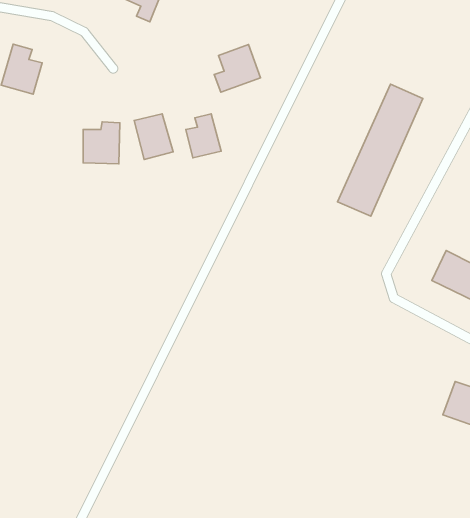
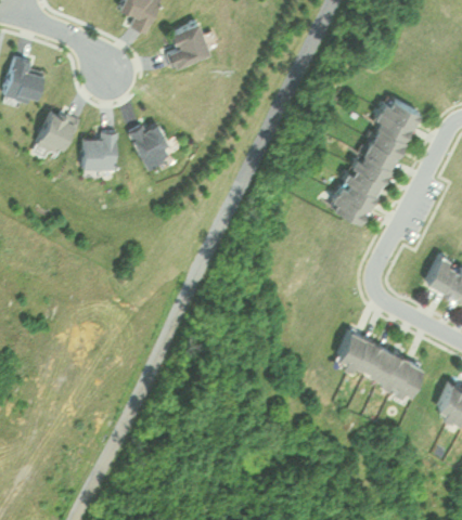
building: [214,44,261,92] -> [166,23,211,69]
building: none -> [40,113,74,154]
building: [186,114,221,158] -> none
building: none -> [334,333,420,394]

